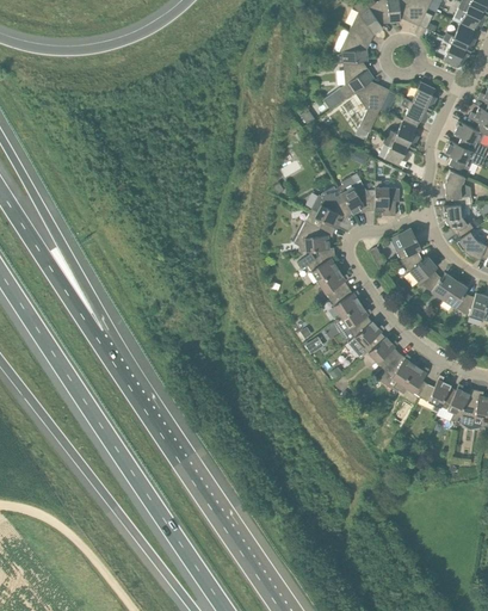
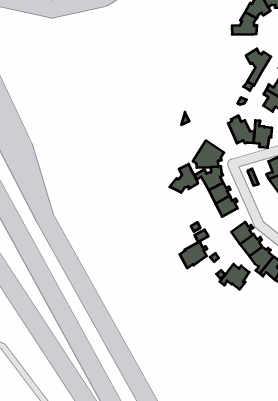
building: [323,62,373,109] -> none
building: [309,186,352,228] -> none
building: none -> [170,164,198,193]
building: [334,303,371,341] -> [180,241,207,268]
building: none -> [220,264,249,289]

